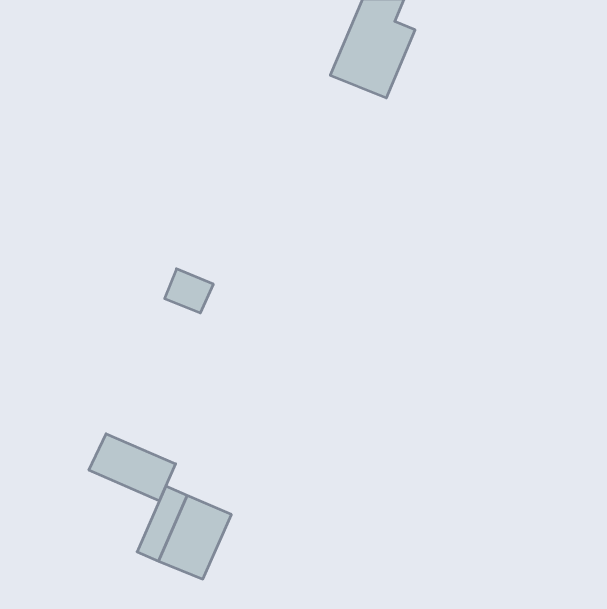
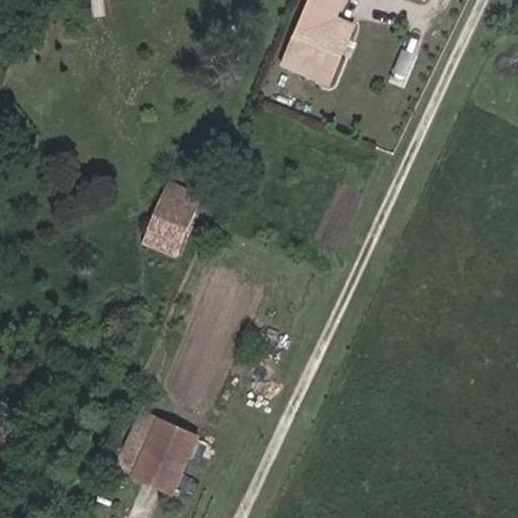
building: none -> [150,182,199,241]
building: [89,434,176,501] -> none

